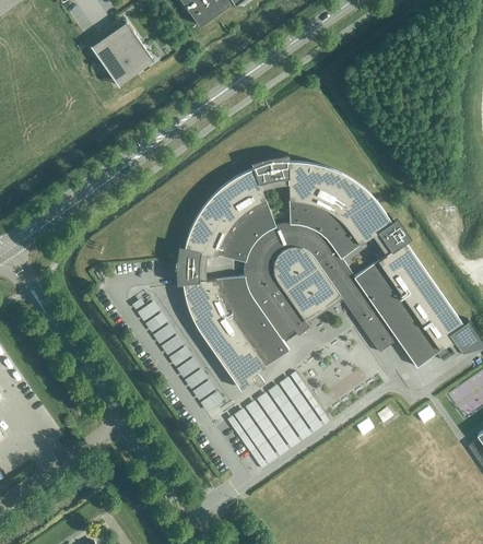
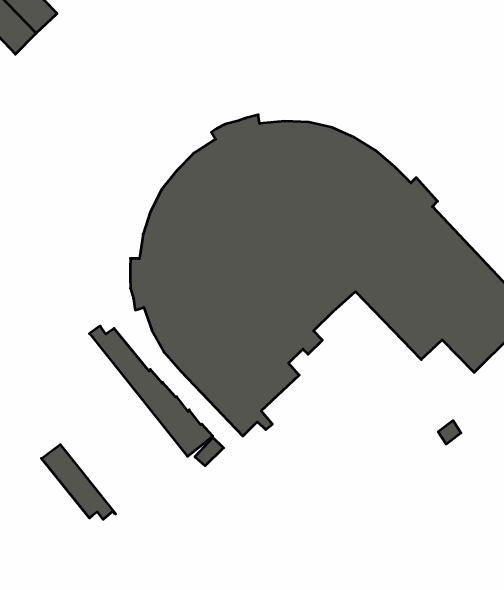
building: [231,367,333,463] -> none
building: none -> [41,445,116,519]

